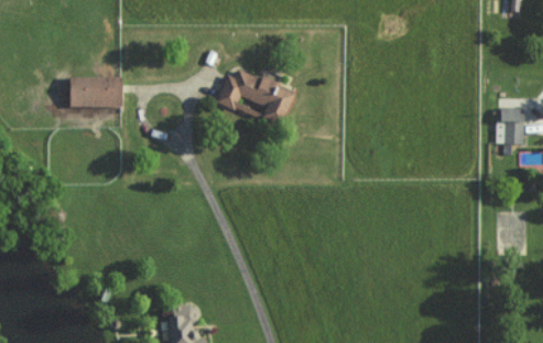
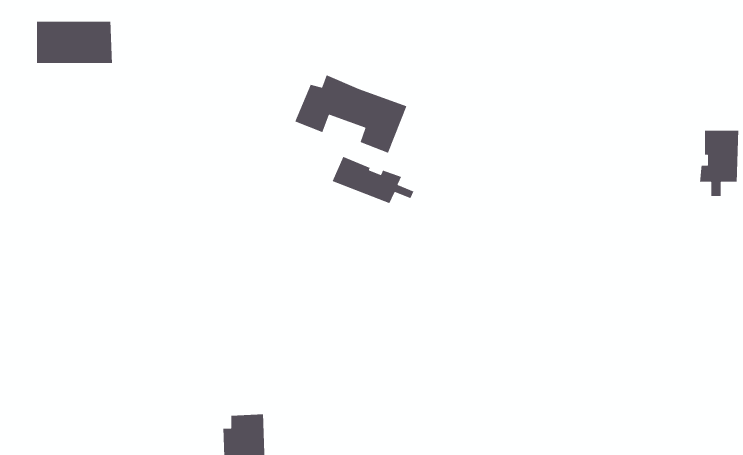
building: [68,77,121,107] -> [36,21,113,64]
building: none -> [331,156,414,204]

